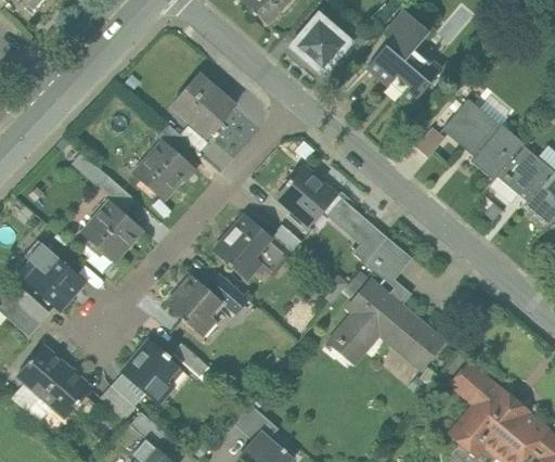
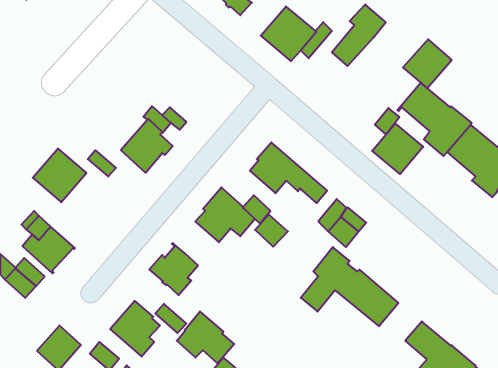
building: [387,49,441,103] -> [403,39,452,88]
building: [172,74,234,136] -> none
building: none -> [372,124,423,174]
building: [82,201,142,260] -> [33,148,86,202]
building: none -> [255,215,288,247]
building: [207,273,249,316] -> none
building: [18,347,67,396] -> none
building: none -> [177,311,234,363]

